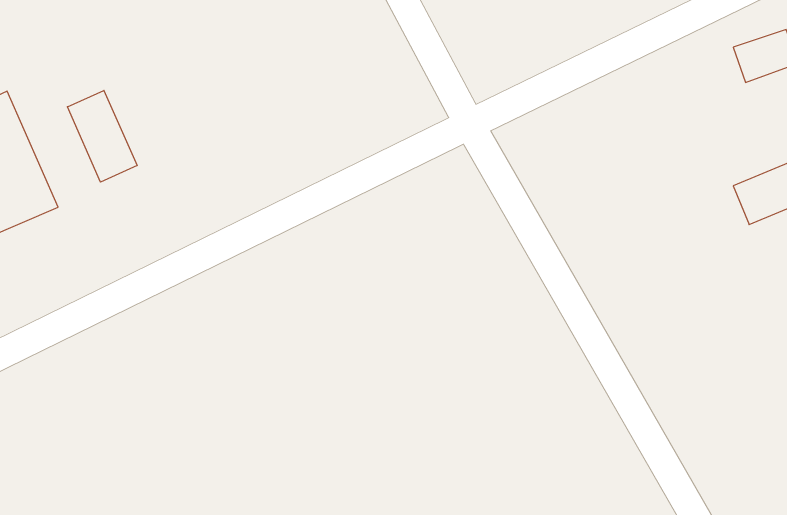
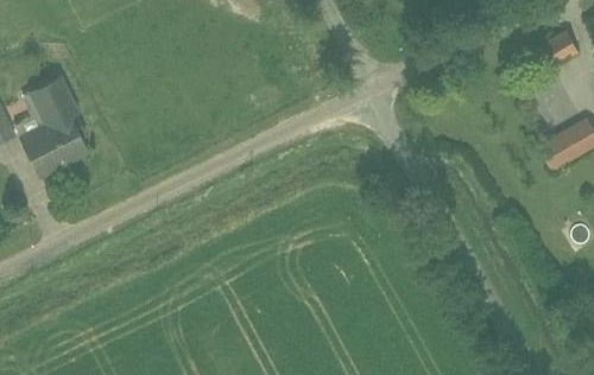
building: [67,90,137,182] -> none

